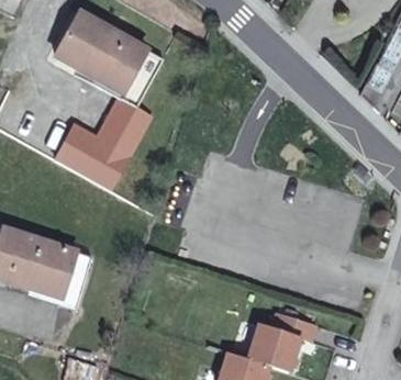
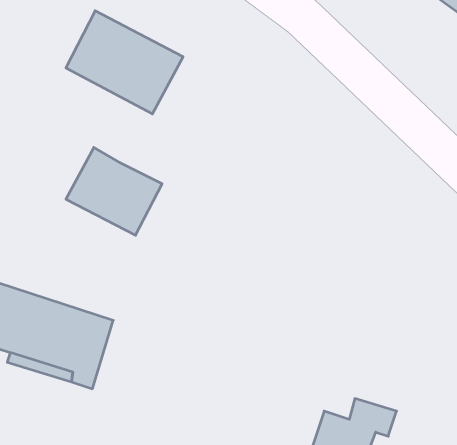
building: [97,46,160,146] -> none

